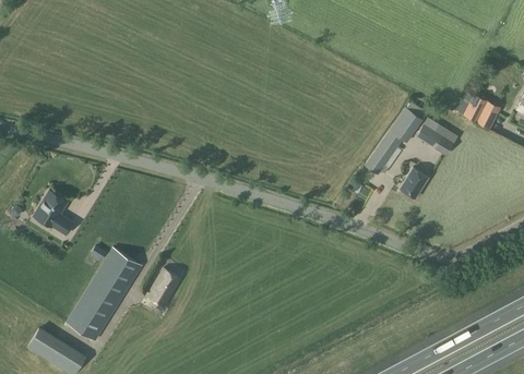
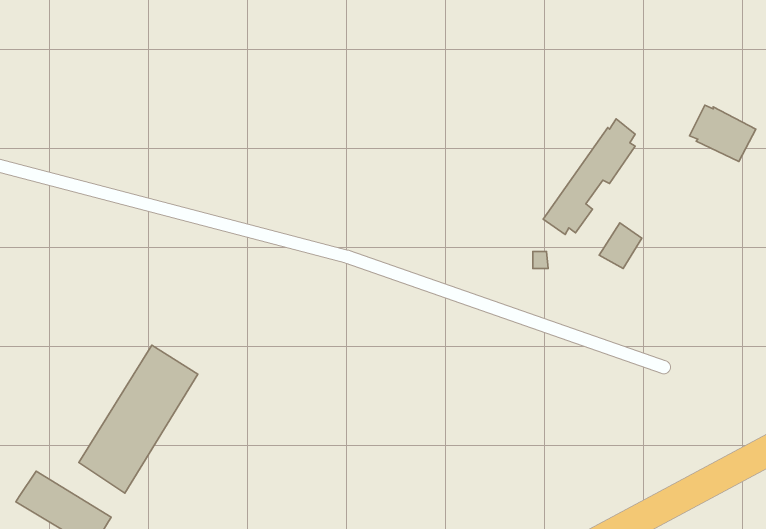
building: [416,118,452,155] -> none
building: [33,191,72,234] -> none
building: [146,268,180,306] -> none

